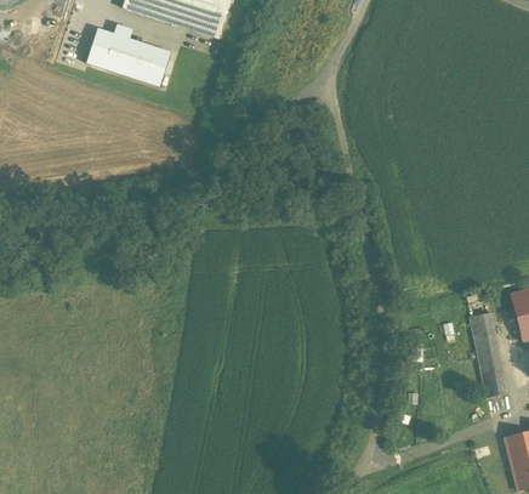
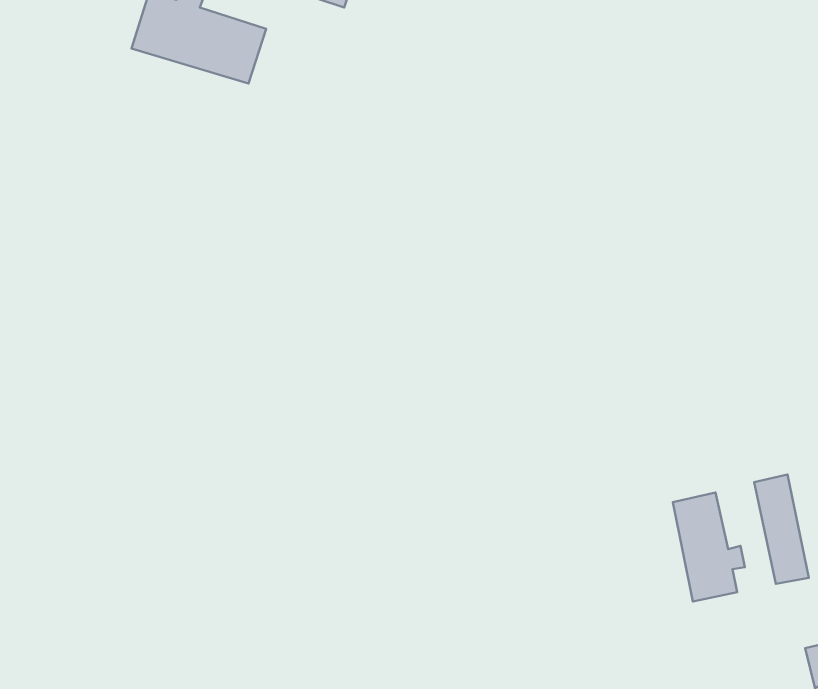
building: none -> [673,493,745,602]

